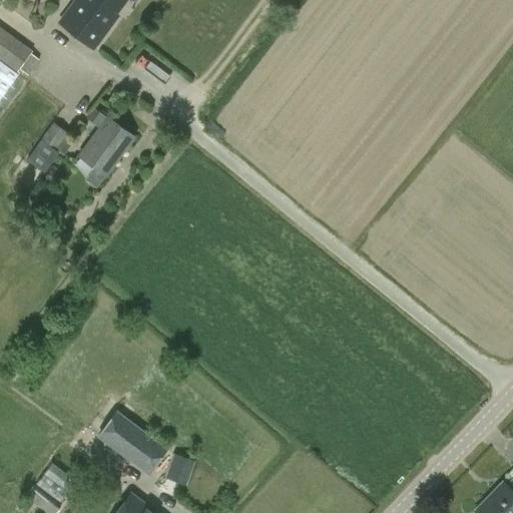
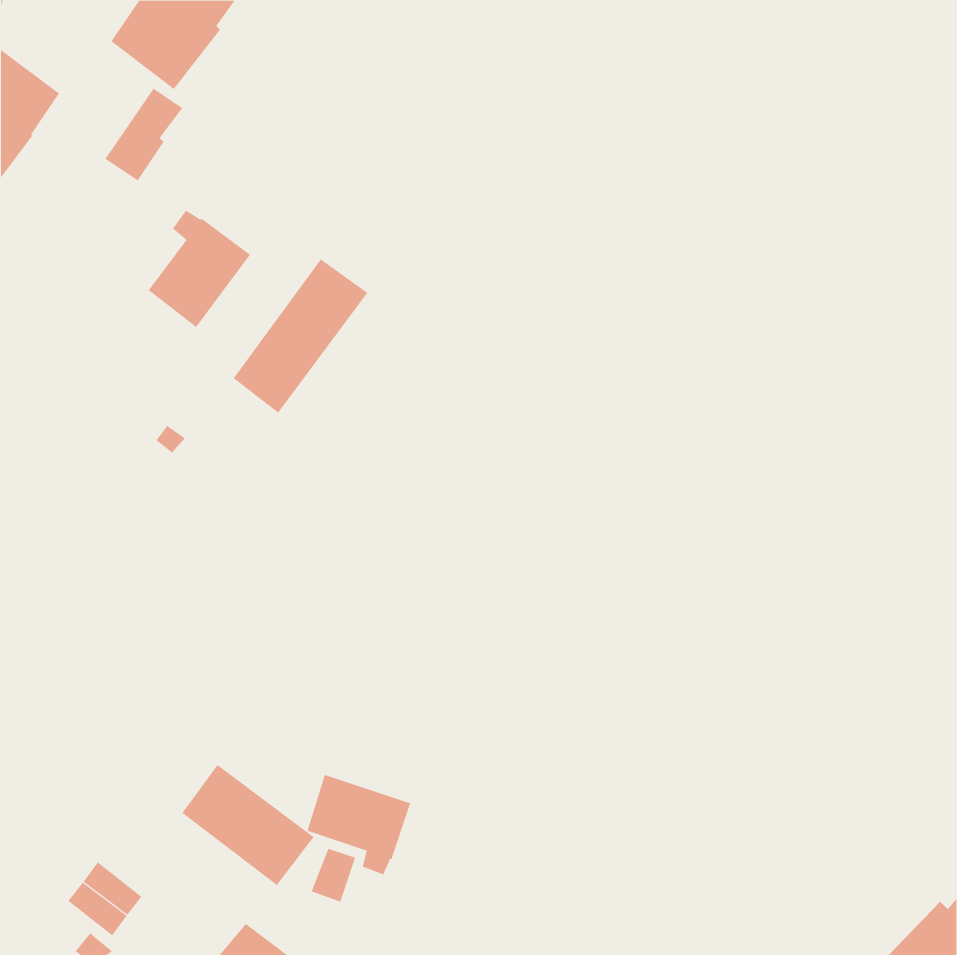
building: [26,124,68,174] -> [104,88,183,181]
building: none -> [233,258,368,413]
building: none -> [307,774,411,875]

